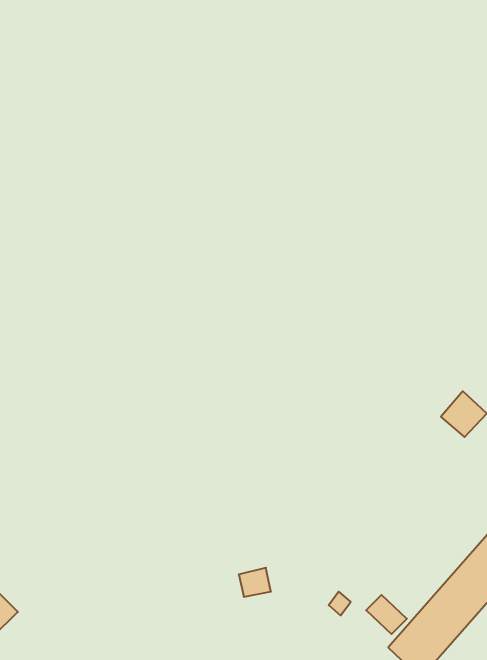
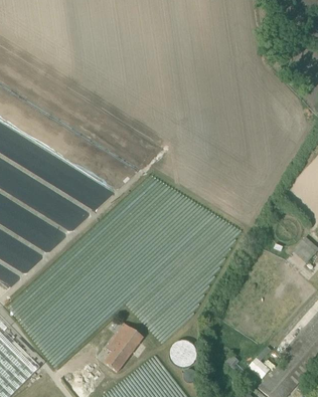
building: none -> [103,322,142,371]

